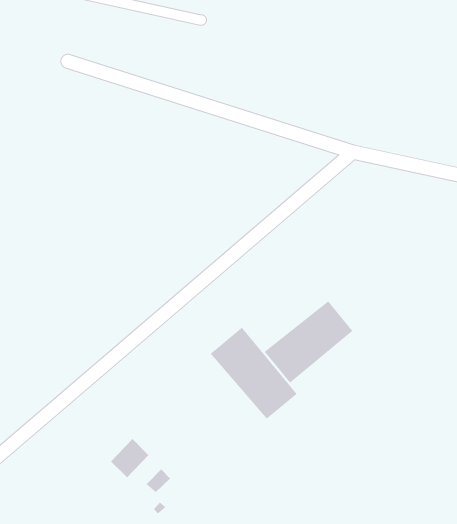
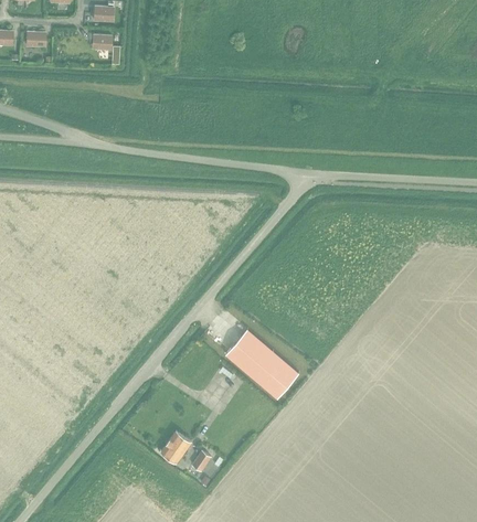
building: [264,301,353,383] -> none

